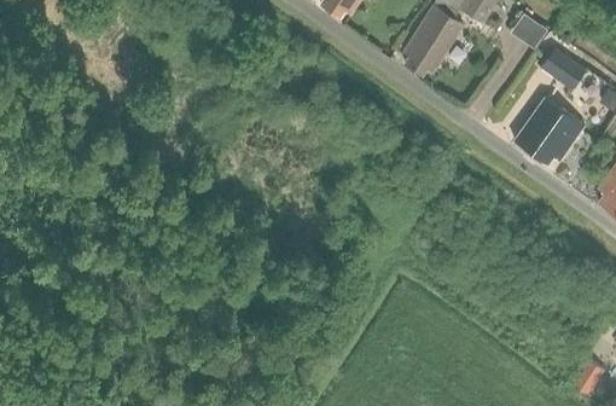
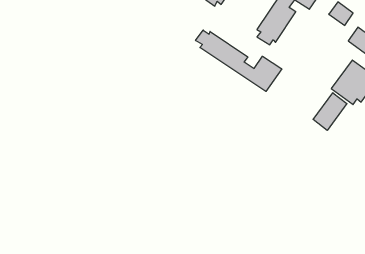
building: none -> [196,30,282,91]
building: none -> [313,93,347,130]

